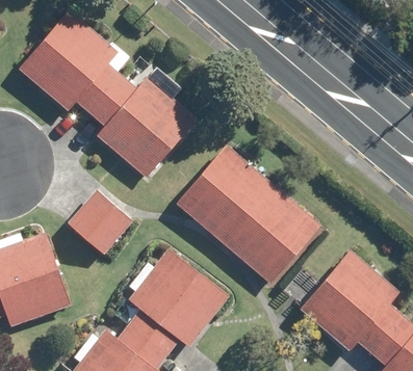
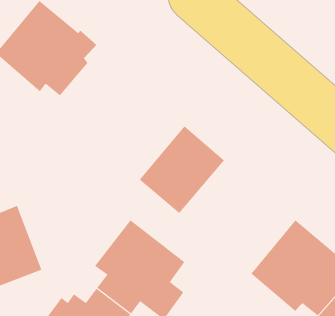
building: [91,77,196,177] -> none
building: [222,184,319,283] -> none
building: [69,190,132,254] -> none

